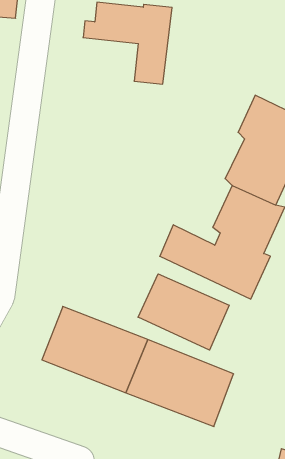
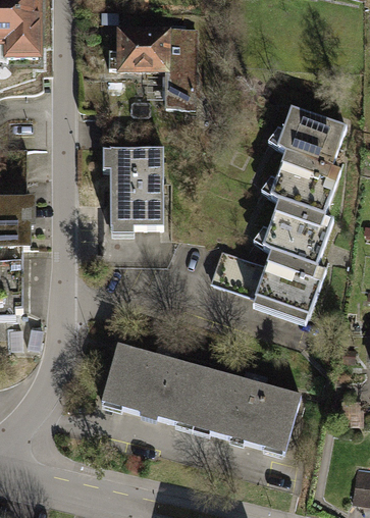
building: none -> [102,117,162,229]
building: [138,274,229,350] -> none

